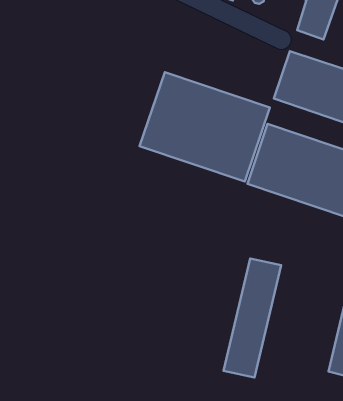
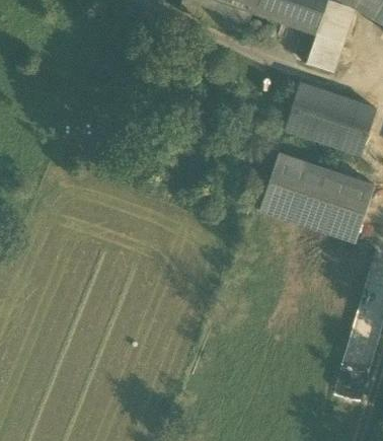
building: [140,72,270,182] -> none
building: [223,259,281,378] -> none

